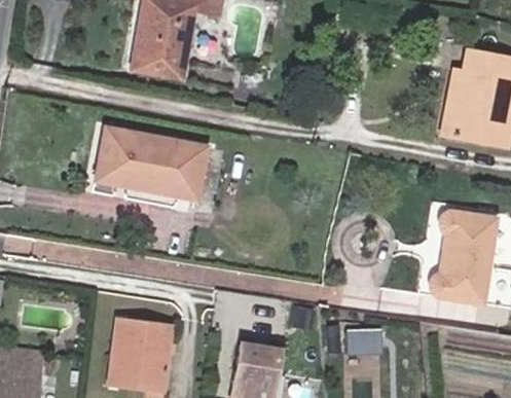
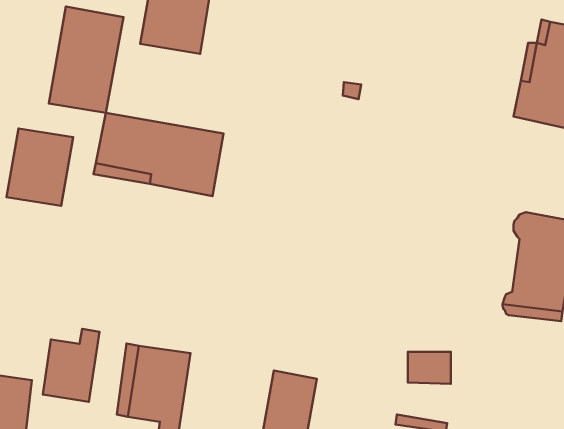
building: none -> [49,6,123,113]
building: none -> [6,128,73,206]
building: none -> [43,329,100,402]

